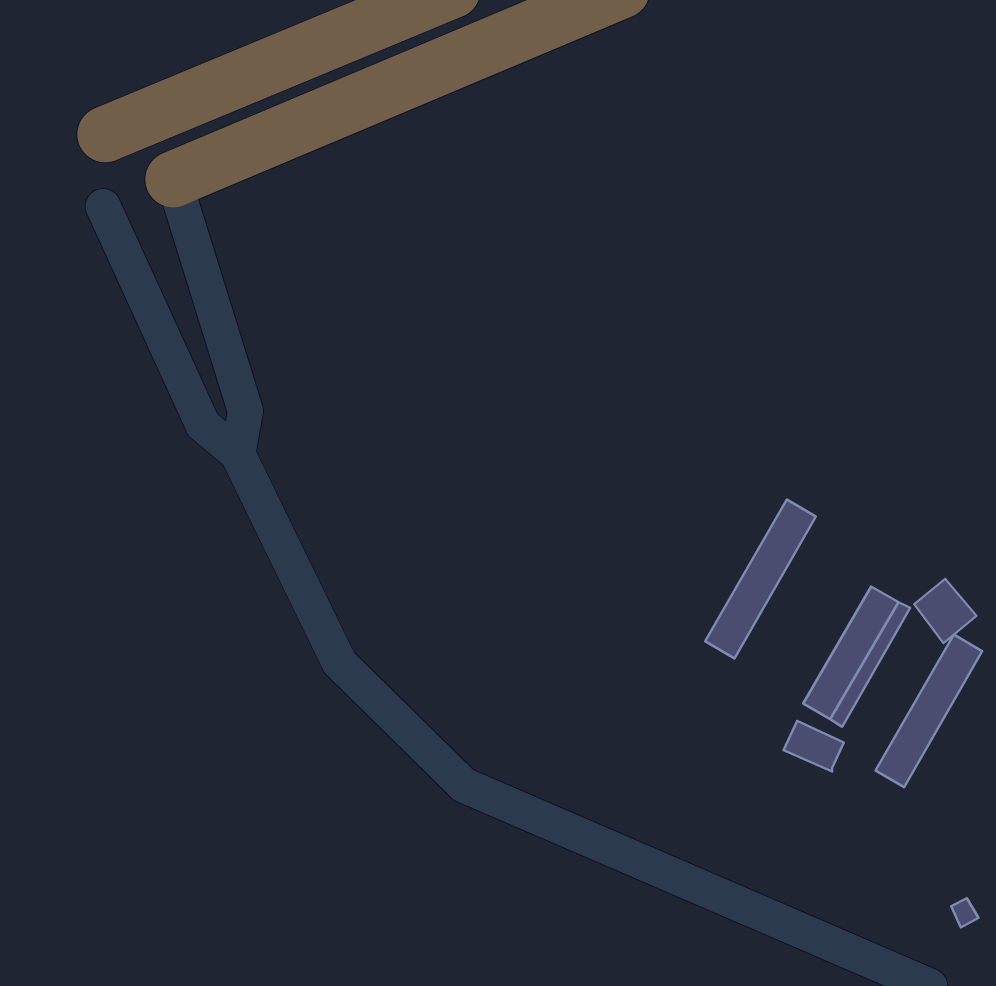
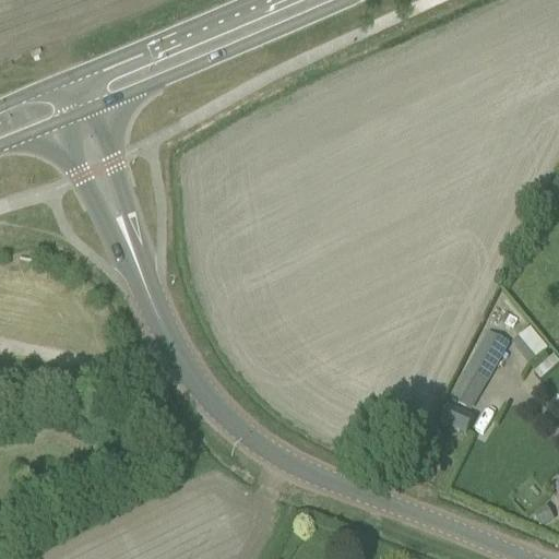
building: [705,499,816,658] -> none
building: [876,634,982,787] -> none

